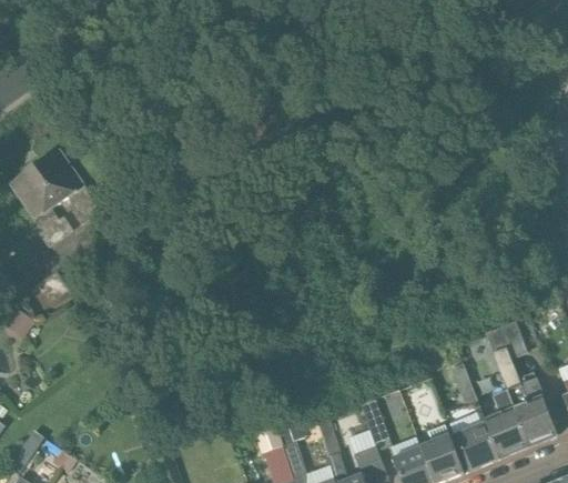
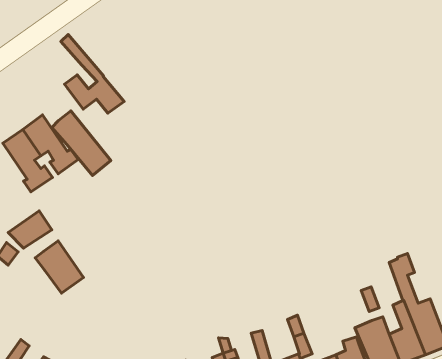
building: none -> [61,34,124,113]
building: none -> [52,111,111,175]
building: none -> [35,241,84,293]

